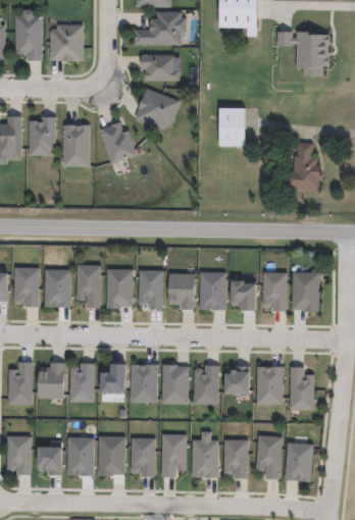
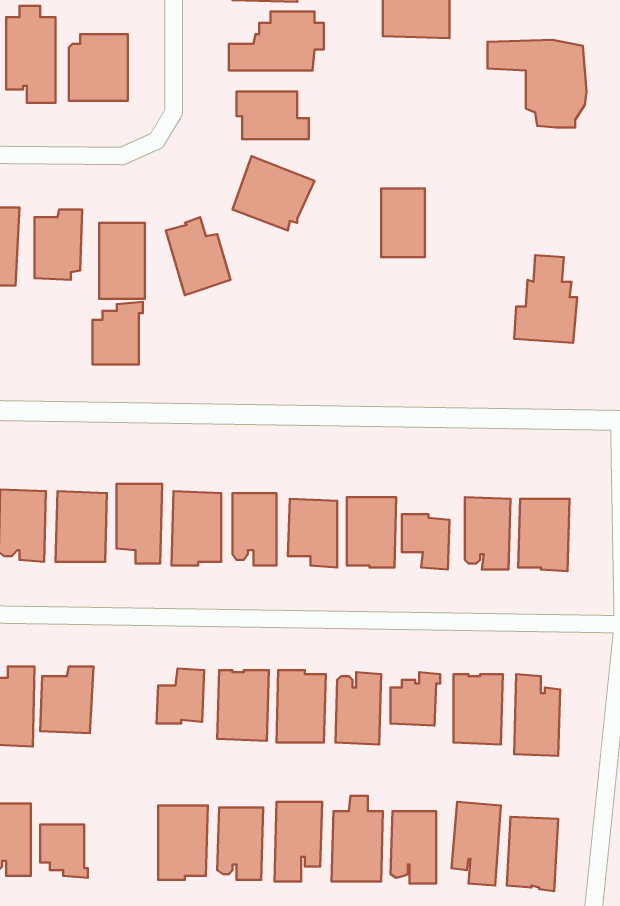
building: none -> [93,302,143,364]
building: [69,363,94,403] -> none
building: [67,437,94,475] -> none

